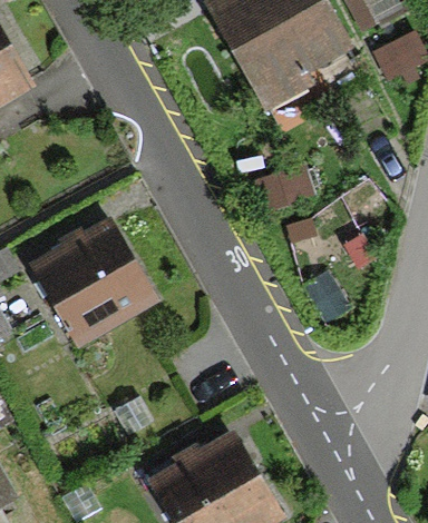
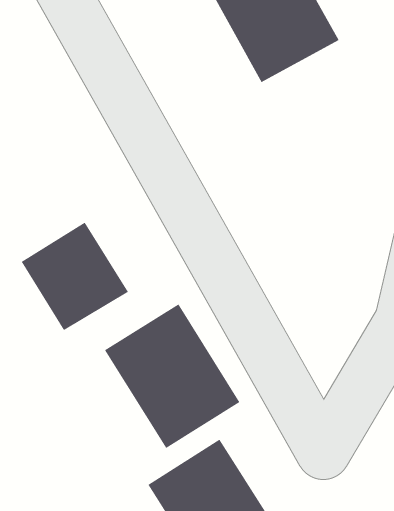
building: none -> [104,304,240,449]

